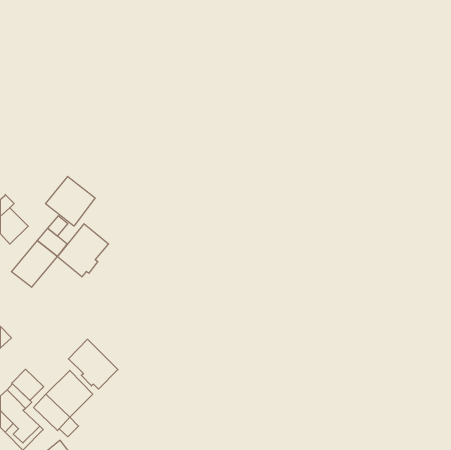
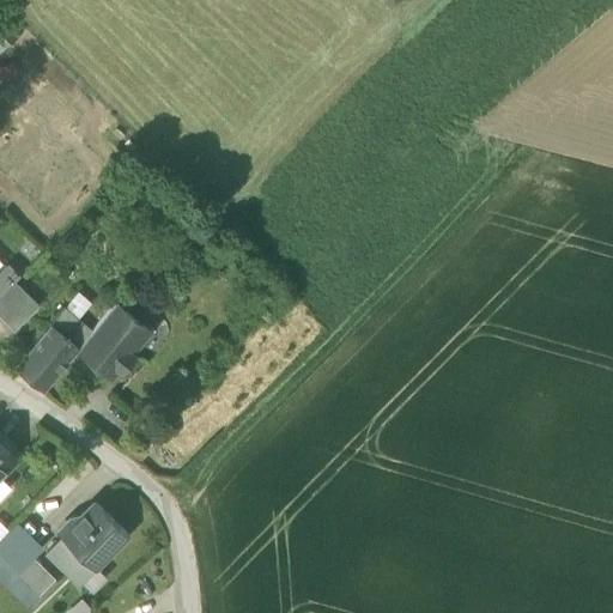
building: [46,176,95,226] -> none
building: [68,339,118,389] -> none
building: [12,369,44,400] -> none

